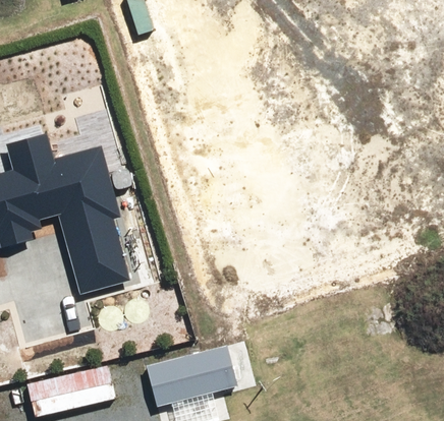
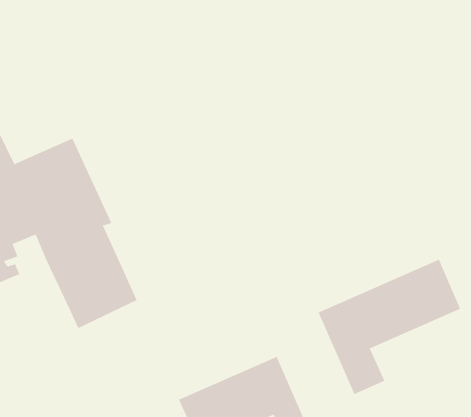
building: none -> [318,259,461,395]

